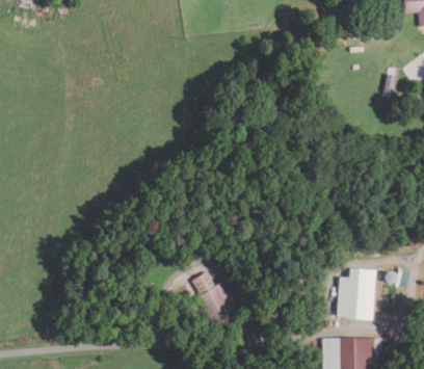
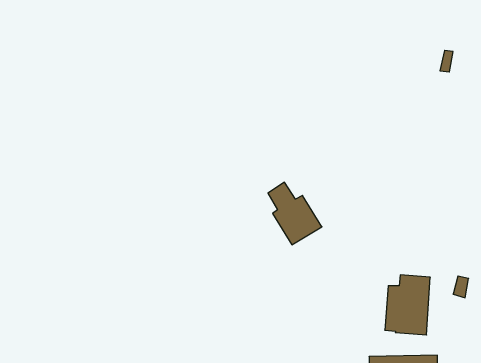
building: [191,270,238,324] -> [268,182,322,245]

